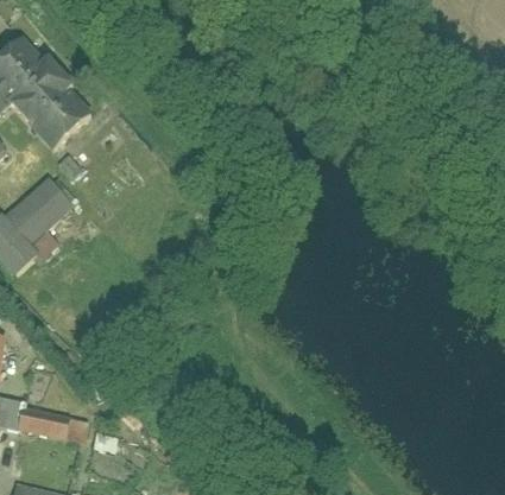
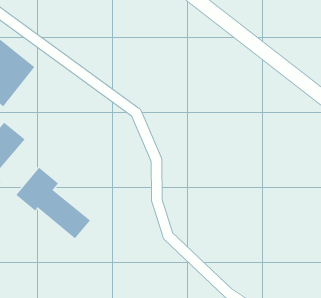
building: none -> [15,167,91,239]

